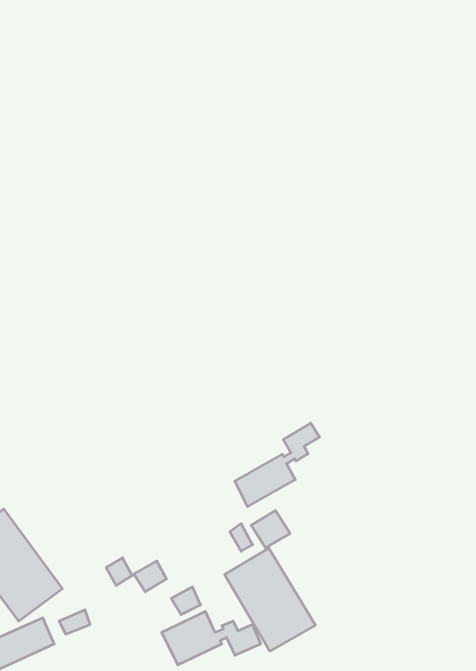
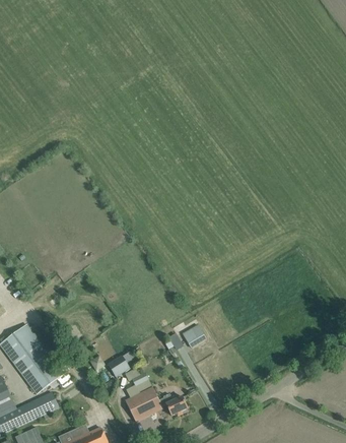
building: [235,423,320,507] -> none
building: [225,548,315,651] -> none

